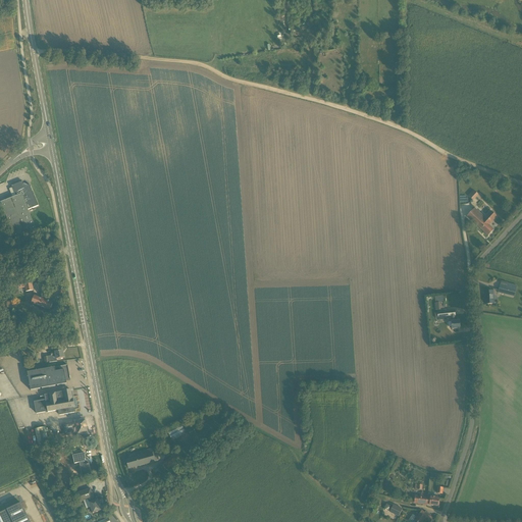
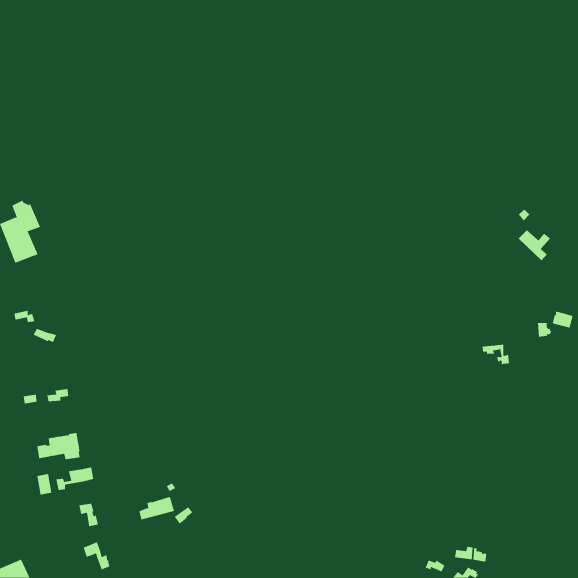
building: [25,363,68,388] -> none

